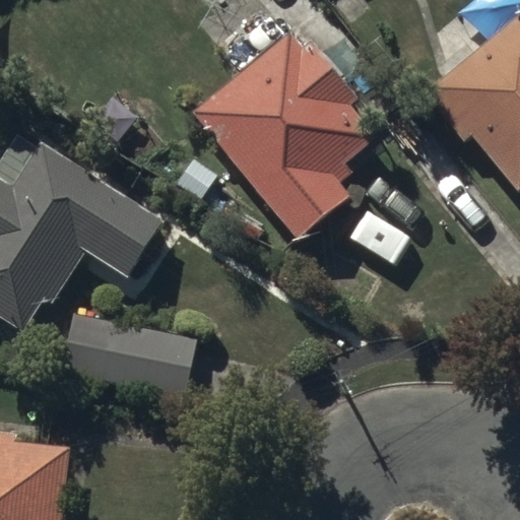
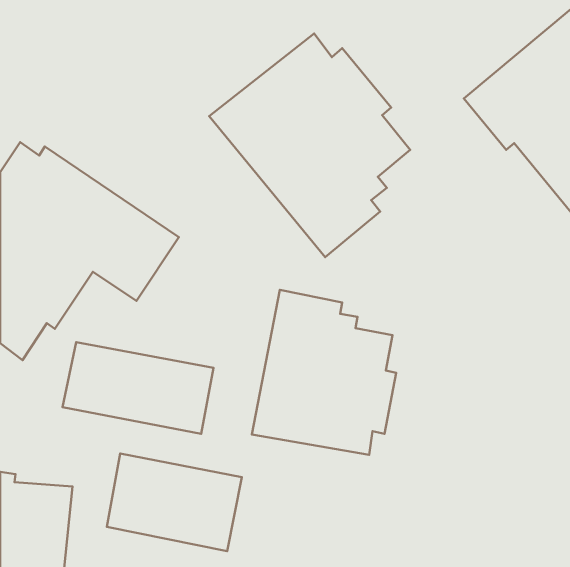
building: none -> [252,290,396,455]
building: none -> [107,453,242,551]

